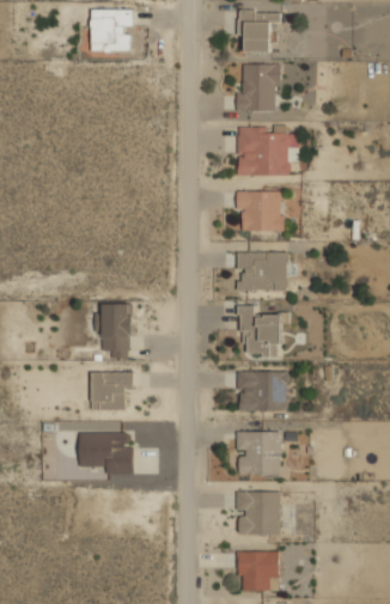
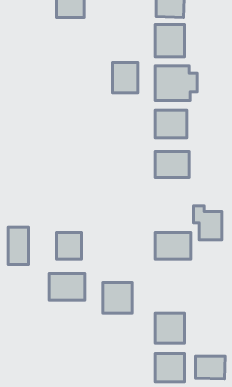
building: none -> [112,63,138,93]
building: [103,303,133,358] -> [8,227,28,264]
building: [239,305,281,355] -> [194,206,222,240]
building: [238,431,281,476] -> [103,283,132,313]
building: none -> [196,356,225,379]

